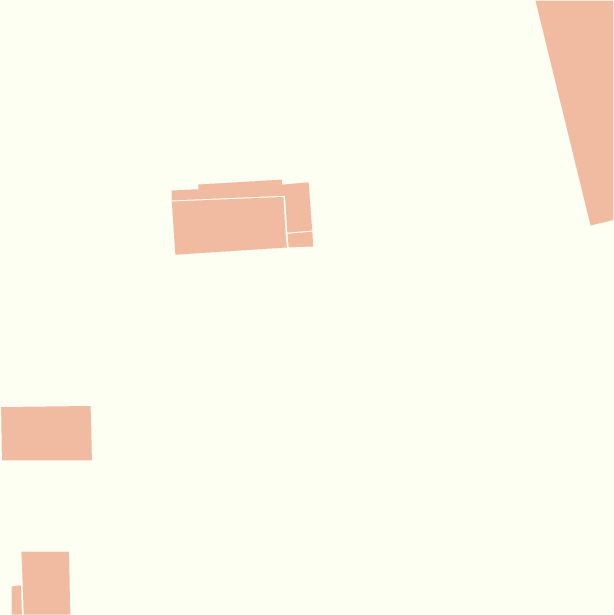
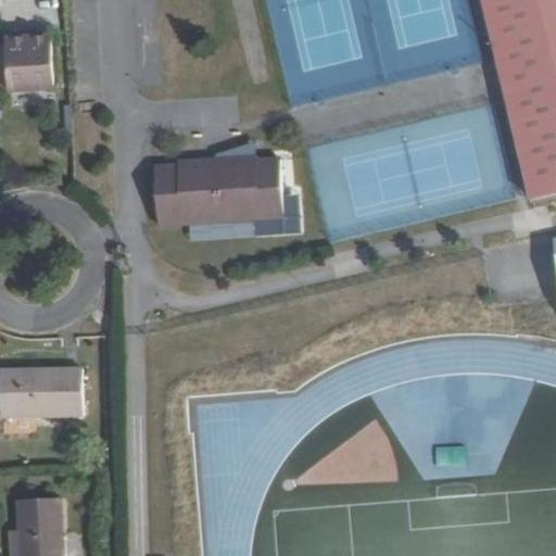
building: none -> [4,30,53,89]

